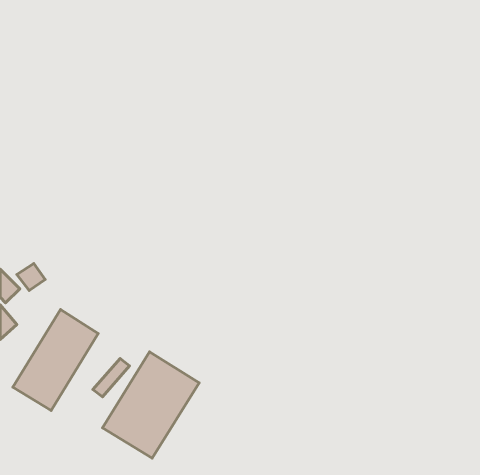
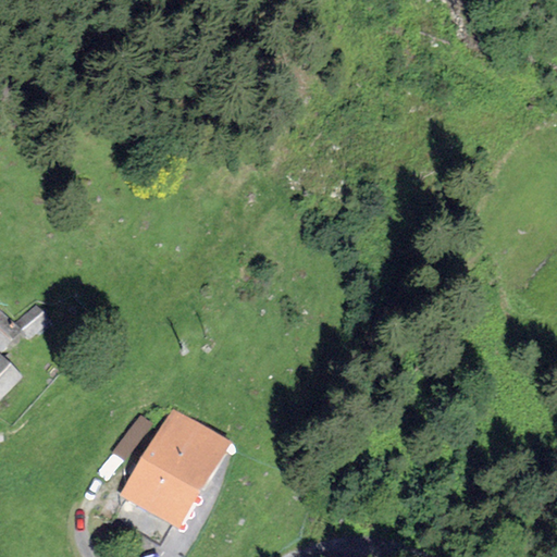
building: [13,310,98,411] -> none

